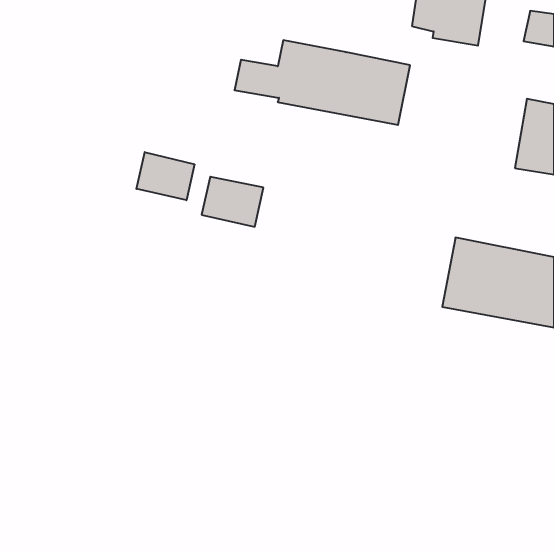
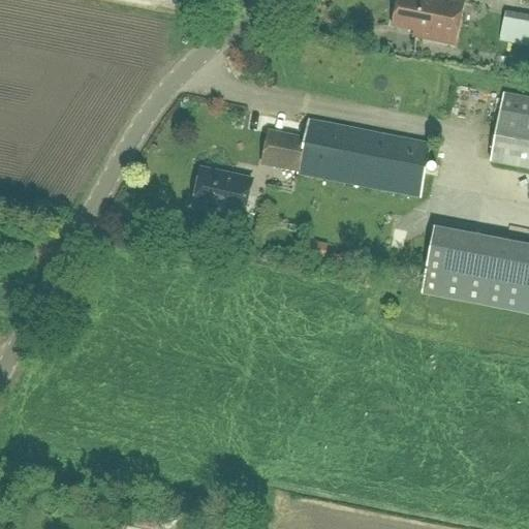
building: [234,40,410,125] -> [263,115,431,195]
building: [136,152,194,200] -> none

